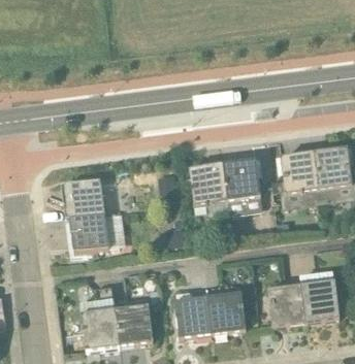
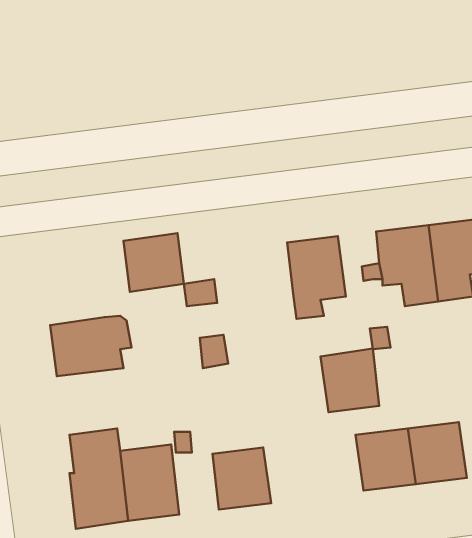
building: [189,165,227,204] -> none
building: [65,180,104,219] -> [123,233,184,292]
building: [207,293,246,334] -> [320,349,379,412]

